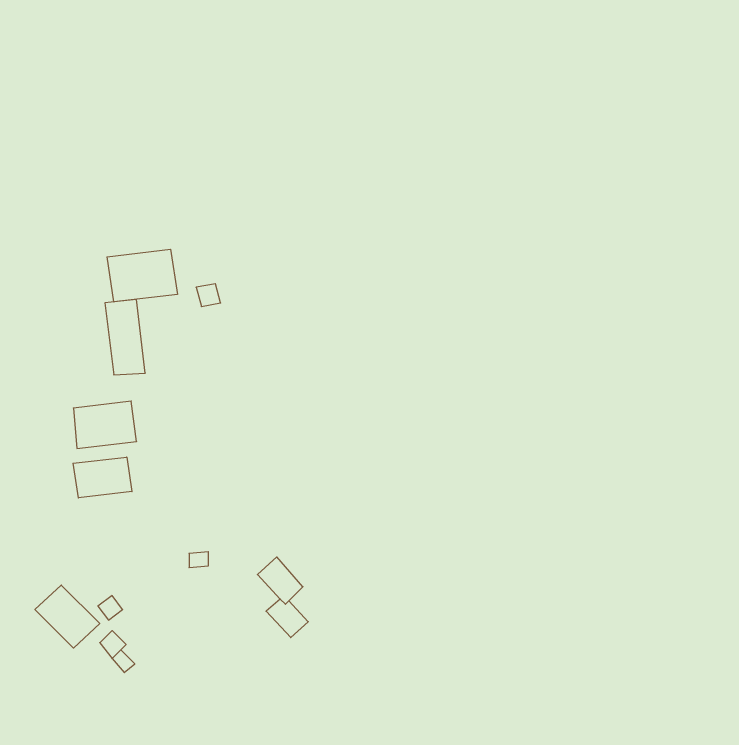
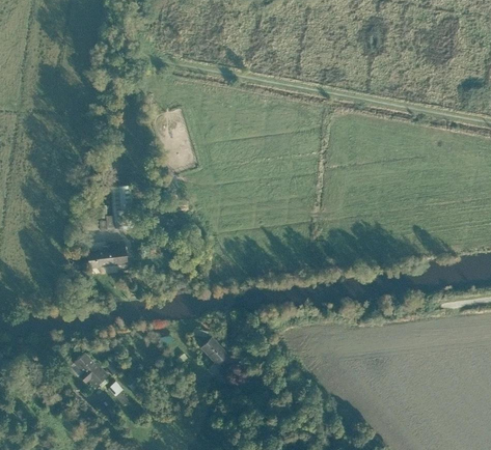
building: [107,249,177,302] -> none
building: [73,457,132,498] -> none

